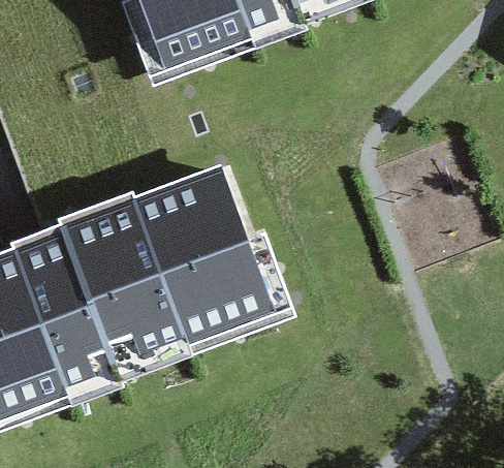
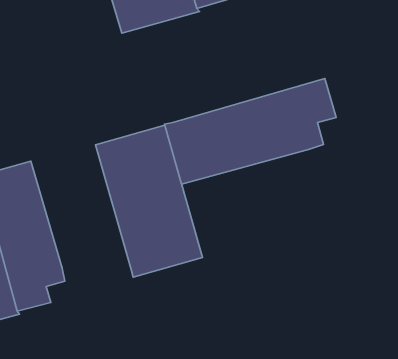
building: none -> [165,78,336,184]
building: [71,191,193,352] -> none

